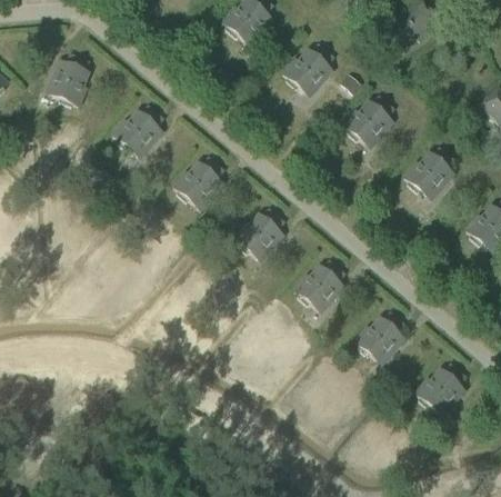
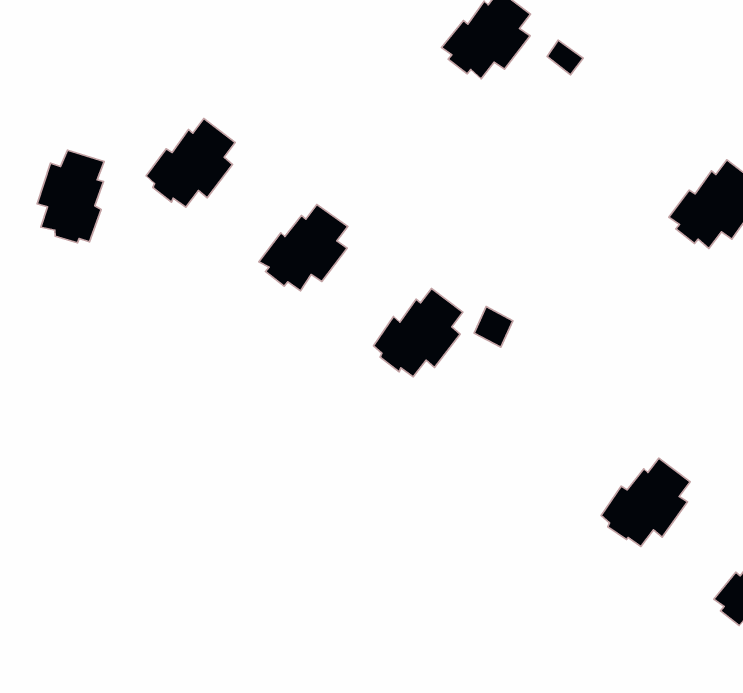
building: [50,54,89,107] -> [37,150,104,243]
building: [342,97,393,145] -> none
building: [293,260,344,309] -> none

